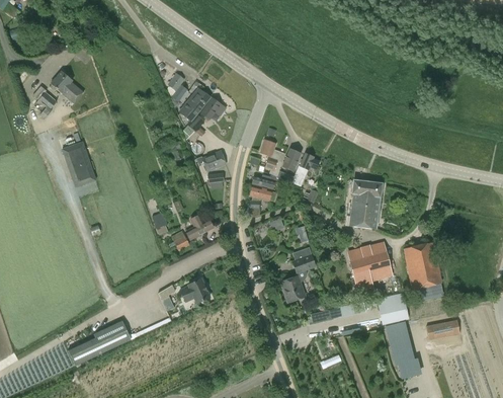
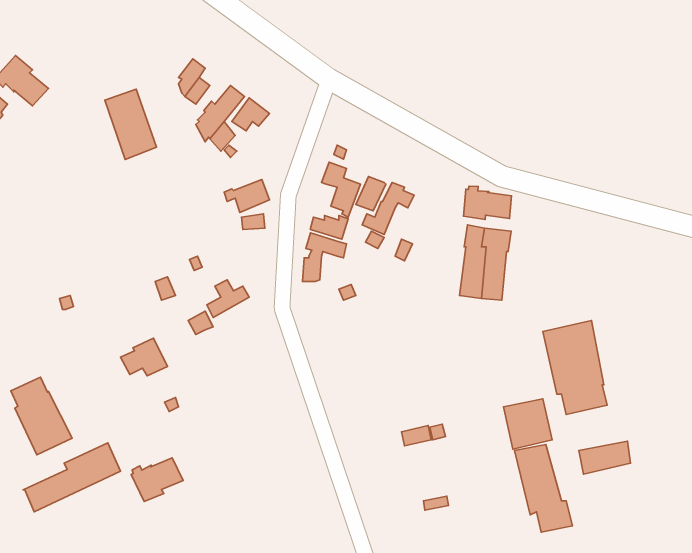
building: [62,142,95,187] -> [105,89,157,160]
building: none -> [463,186,512,219]
building: [347,242,392,292] -> none
building: [283,246,316,302] -> none
building: [179,277,209,302] -> [120,338,167,376]
building: none -> [11,377,72,455]
building: none -> [131,458,183,502]

